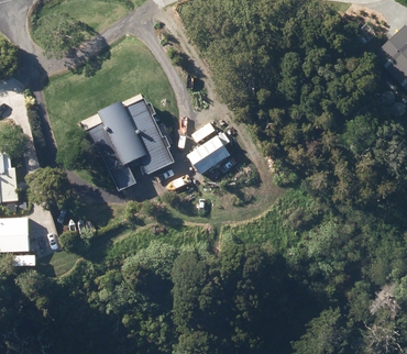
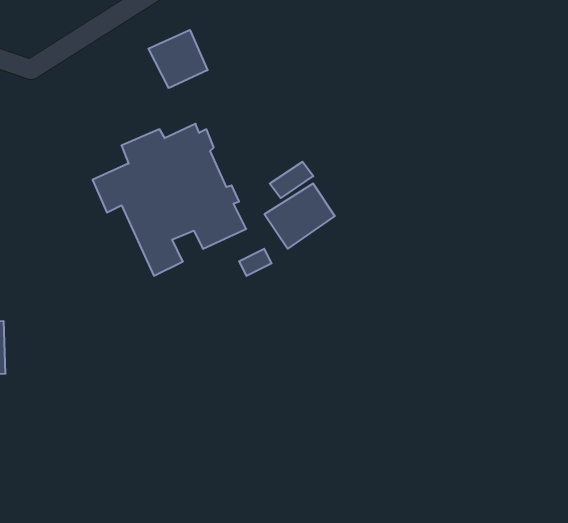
building: none -> [148,30,208,88]

